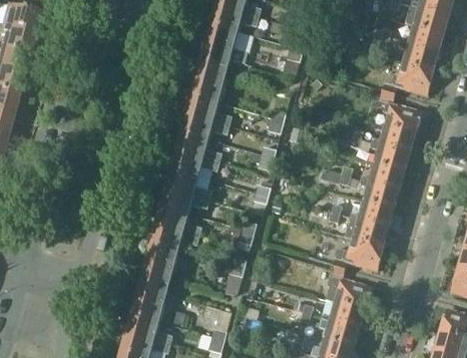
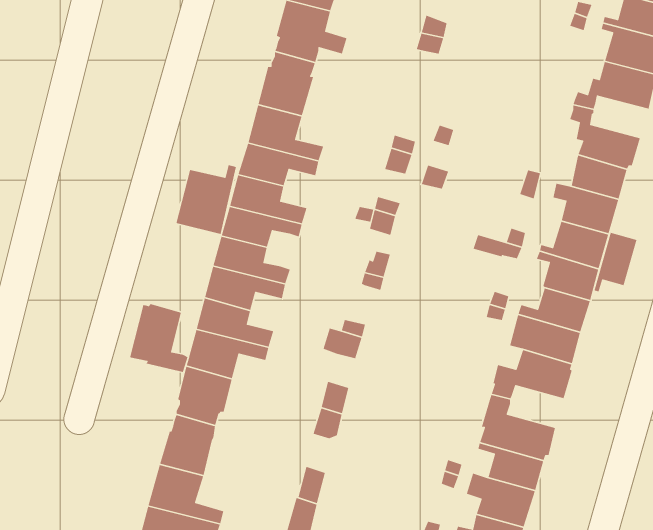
building: none -> [175,164,237,235]
building: none -> [593,232,637,293]
building: none -> [129,303,188,373]

